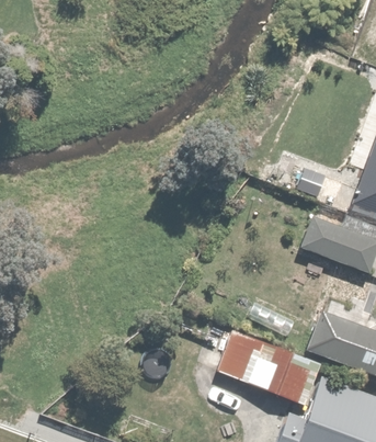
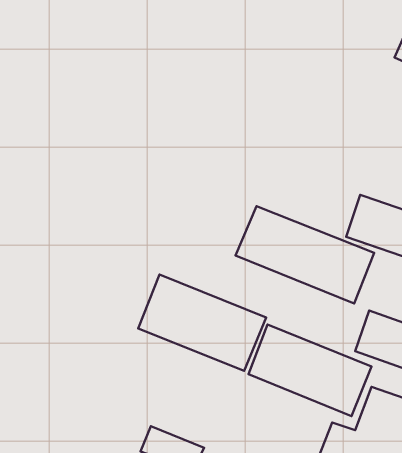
building: none -> [236,206,374,303]
building: none -> [138,274,266,371]

